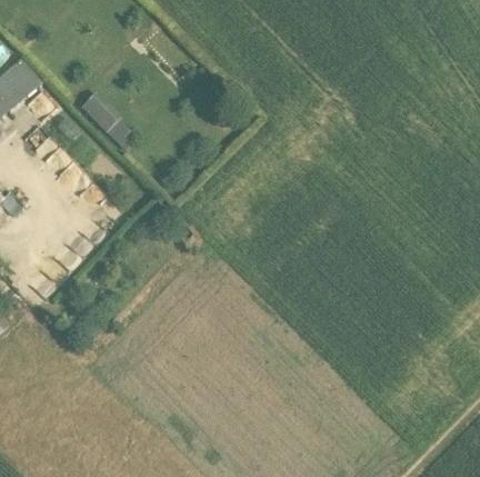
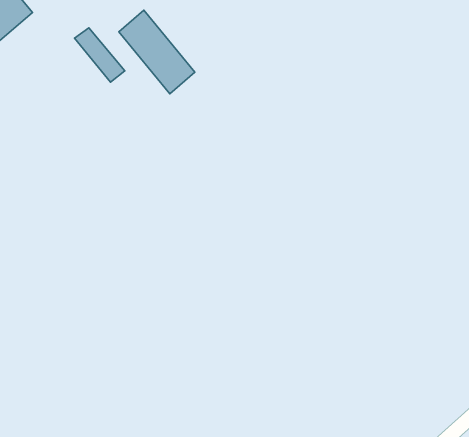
building: none -> [119,10,195,94]

